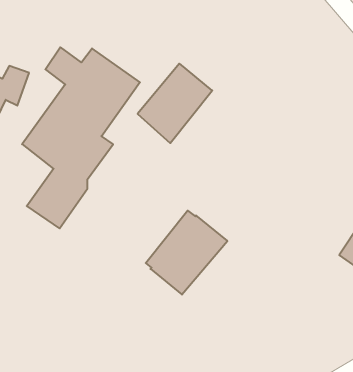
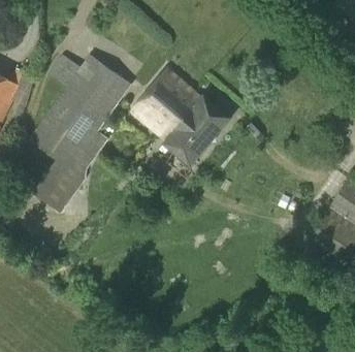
building: [146,211,227,295] -> [158,90,230,164]

